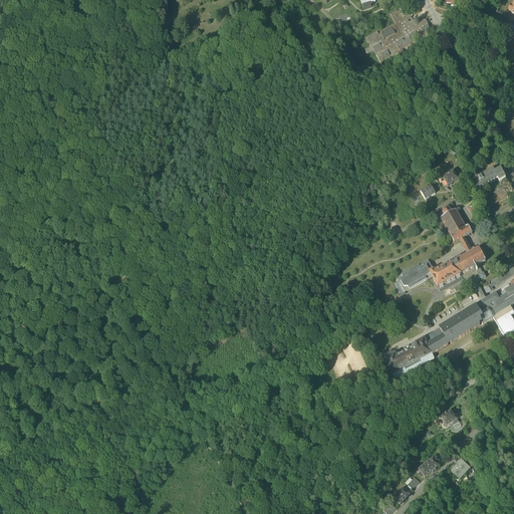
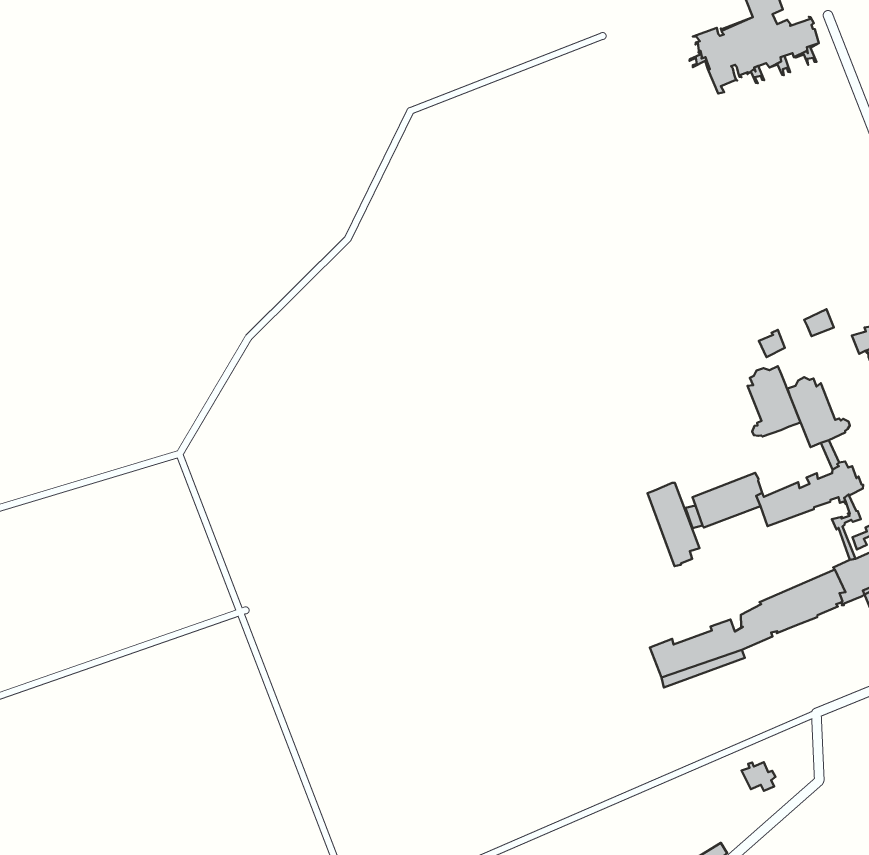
building: none -> [748,366,800,437]
building: none -> [647,483,699,566]

